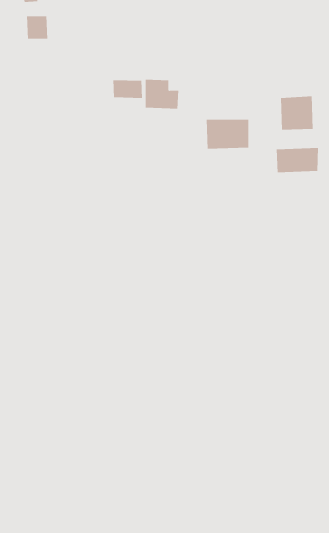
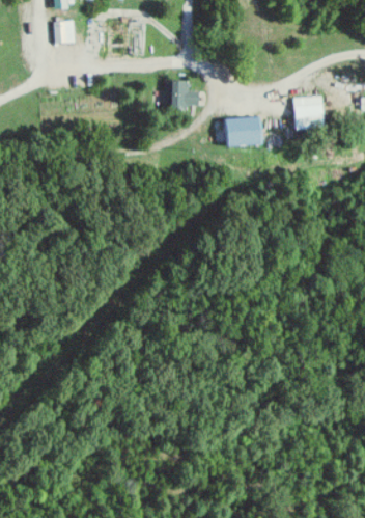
building: [113,79,142,99] -> none
building: [276,147,319,173] -> none

